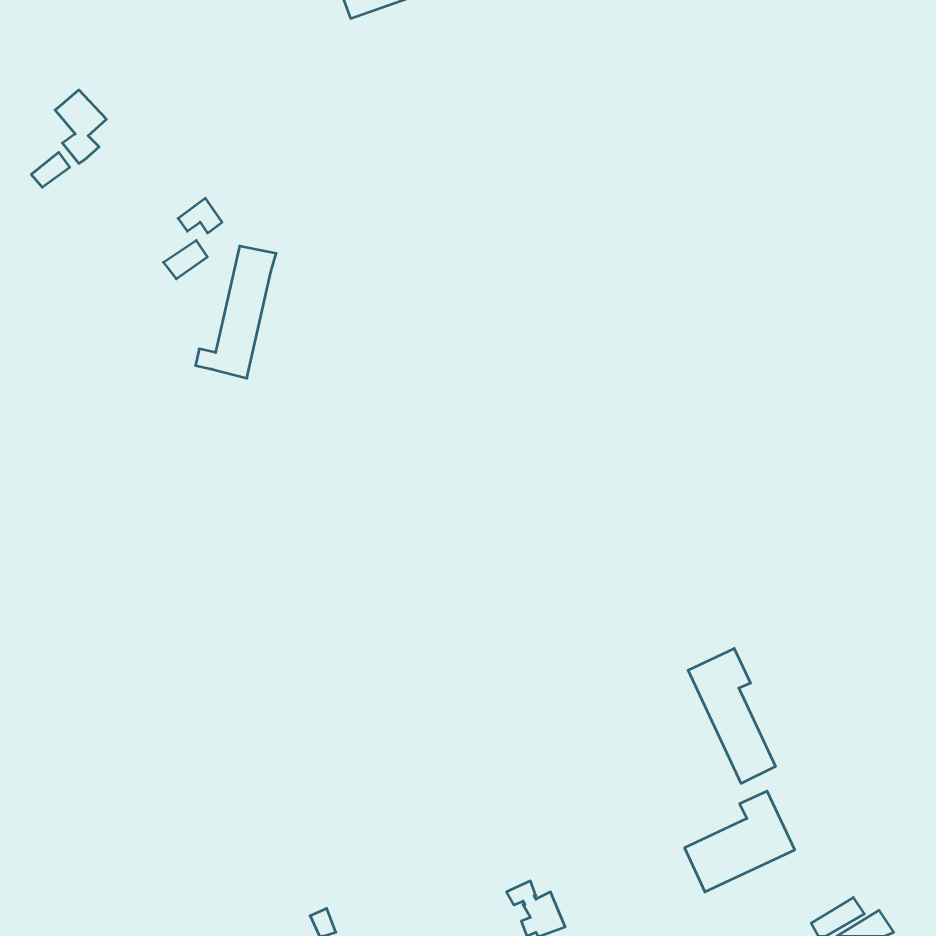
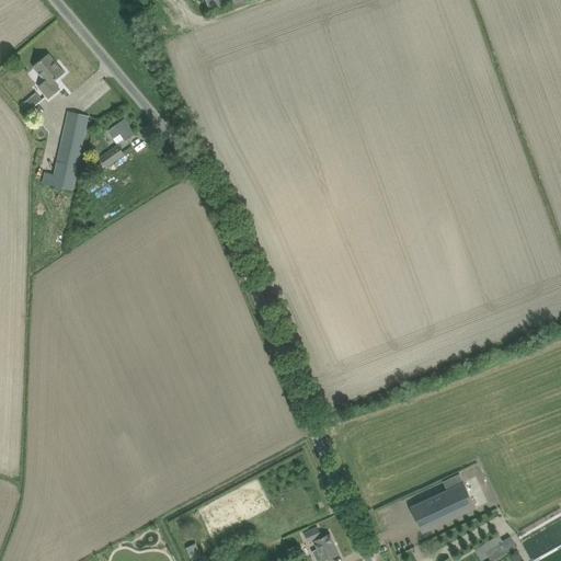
building: [195,246,276,378] -> [41,111,89,190]
building: [688,648,775,783] -> none

